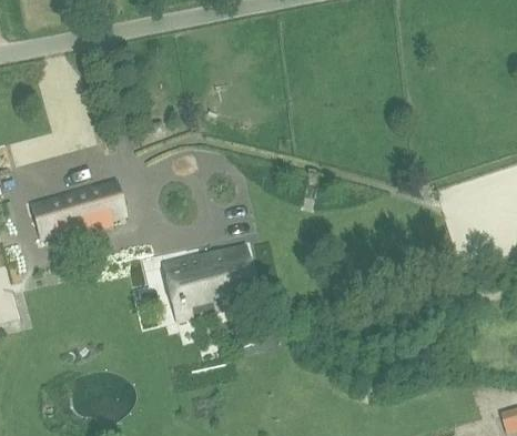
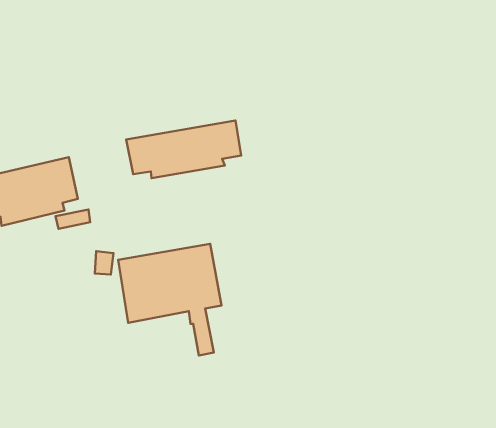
building: none -> [126,120,241,178]

